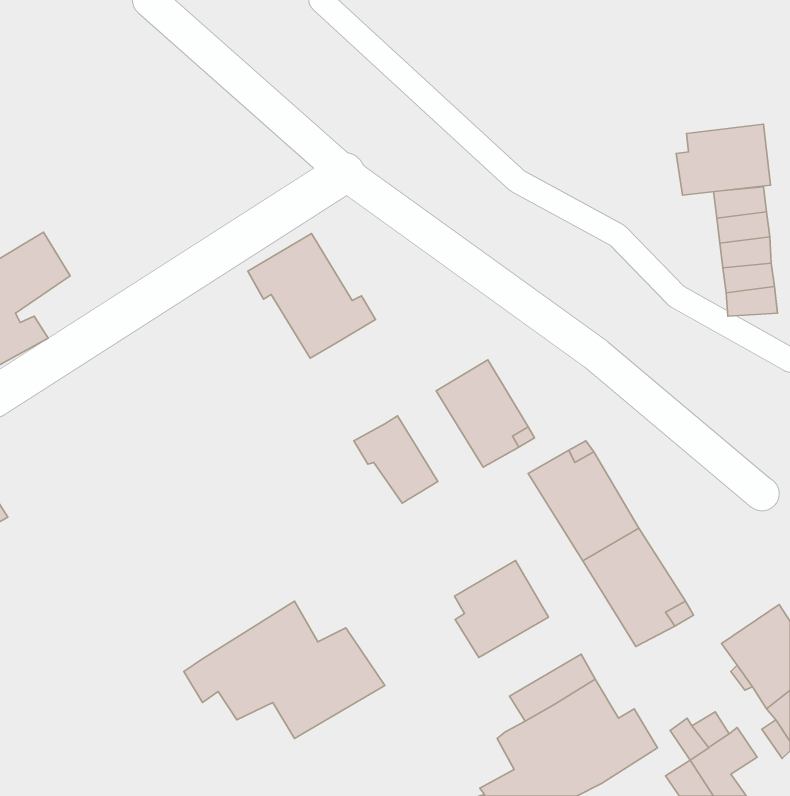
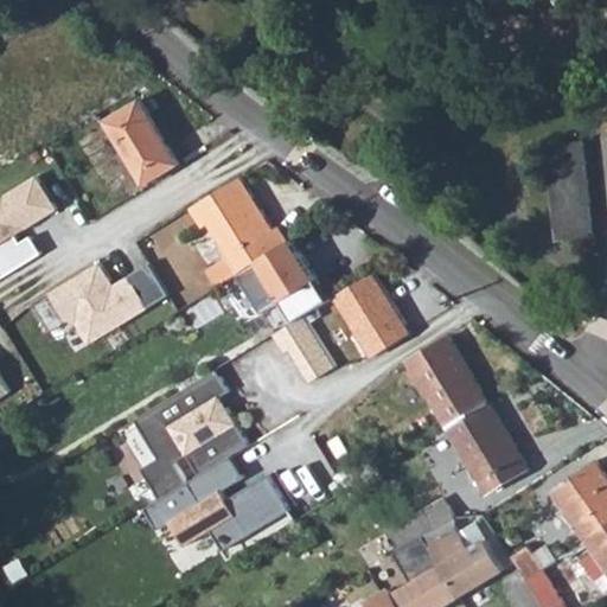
building: [676,124,771,195] -> none
building: none -> [104,100,178,184]
building: none -> [239,241,327,322]
building: none -> [45,263,165,347]
building: none -> [132,375,243,501]
building: [455,560,549,657] -> none

